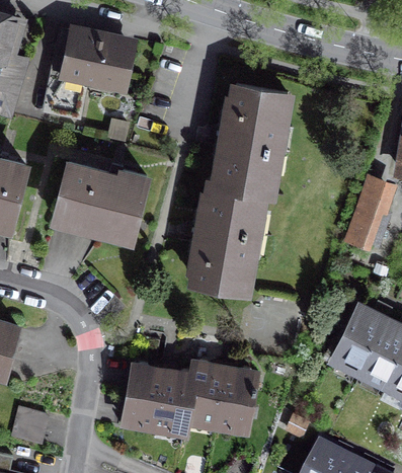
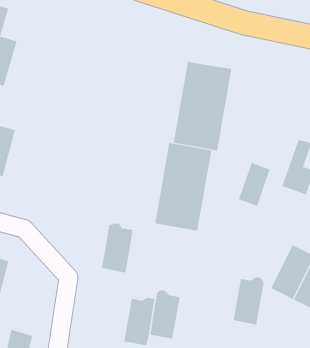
building: [50,29,129,116] -> none
building: [55,162,147,235] -> none
building: none -> [238,162,270,206]
building: [126,362,165,422] -> [101,223,134,273]
building: [216,367,254,425] -> [233,277,264,325]

